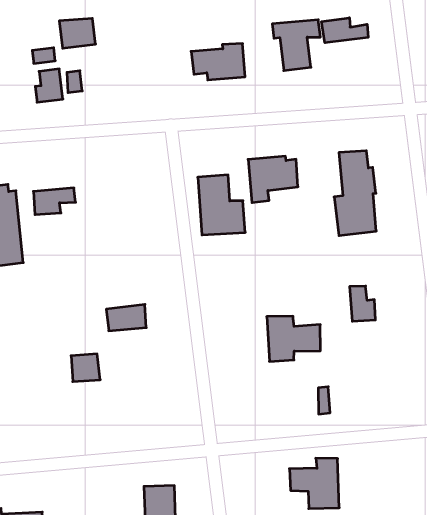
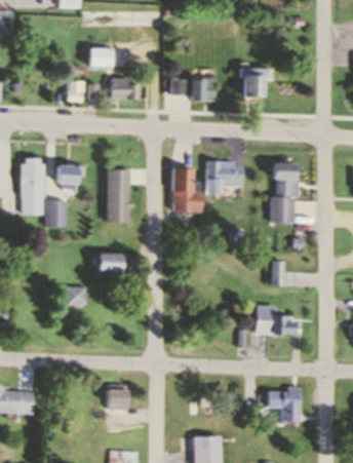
building: [322,18,368,43] -> none
building: none -> [111,78,141,100]
building: none -> [105,170,129,222]
building: none -> [48,200,68,226]
building: [267,316,320,361] -> [253,304,292,337]
building: [289,458,339,509] -> [267,385,303,422]

